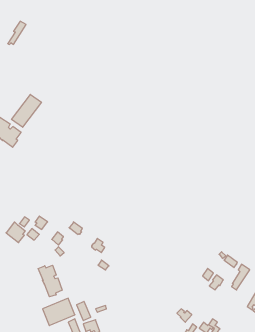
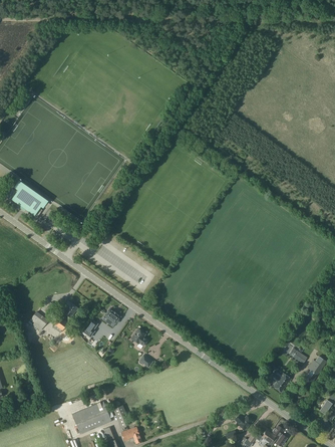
building: [12,94,41,127] -> none
building: [38,265,62,297] -> none

